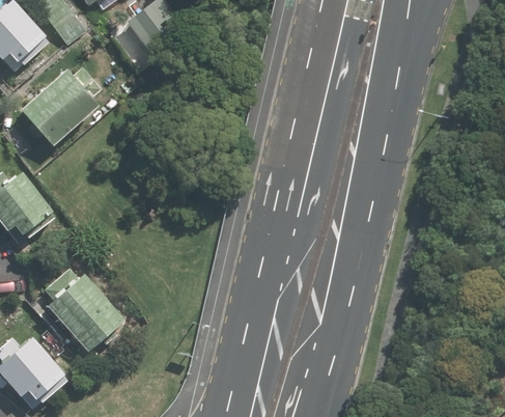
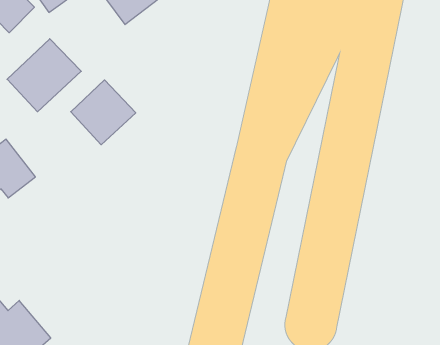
building: none -> [71,80,136,145]
building: [49,275,124,353] -> none

